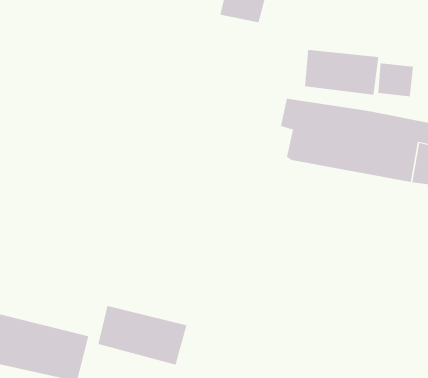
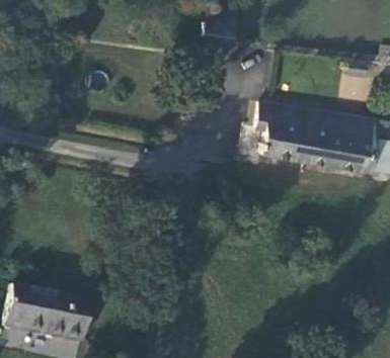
building: [304,49,379,96] -> none
building: [98,305,187,366] -> none

